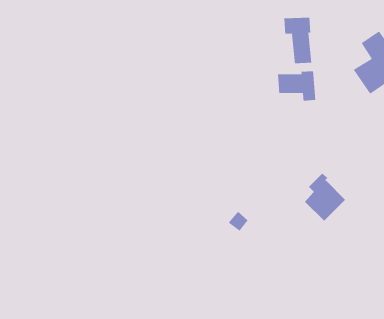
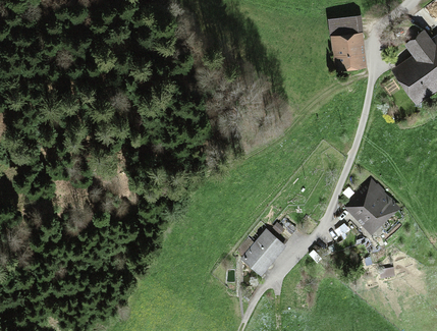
building: [277,70,316,101] -> none
building: none -> [237,231,283,270]

